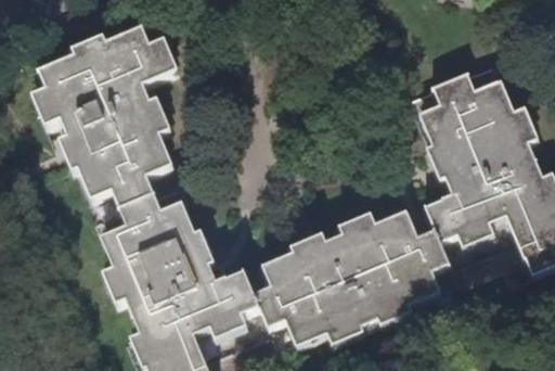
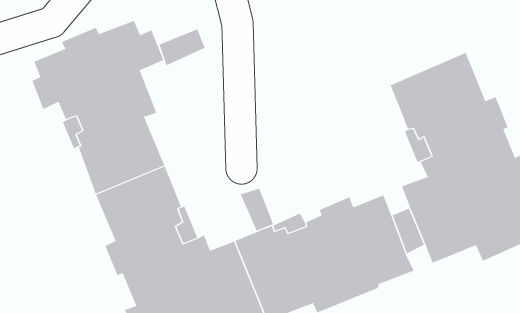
building: none -> [159,28,206,66]
building: none -> [240,188,274,232]

